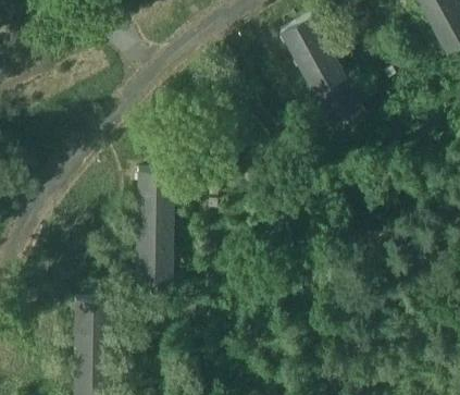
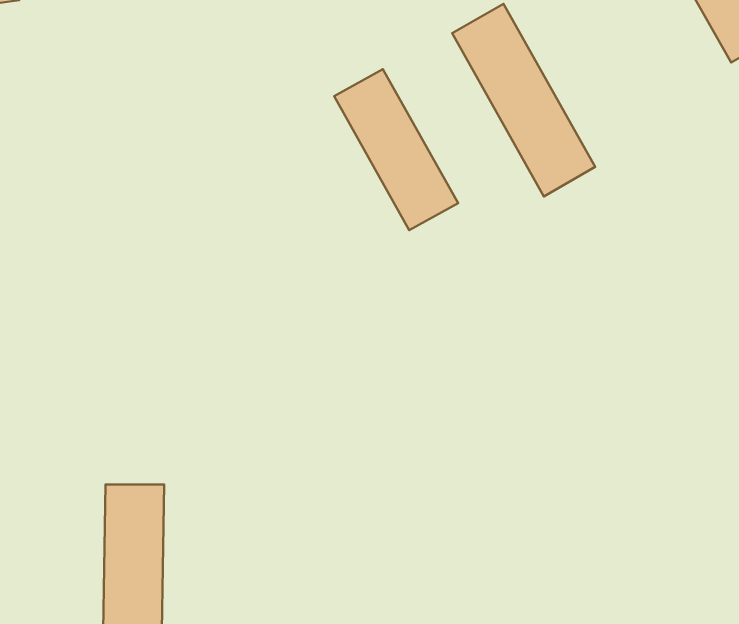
building: none -> [334,69,458,230]
building: [136,174,174,286] -> none

